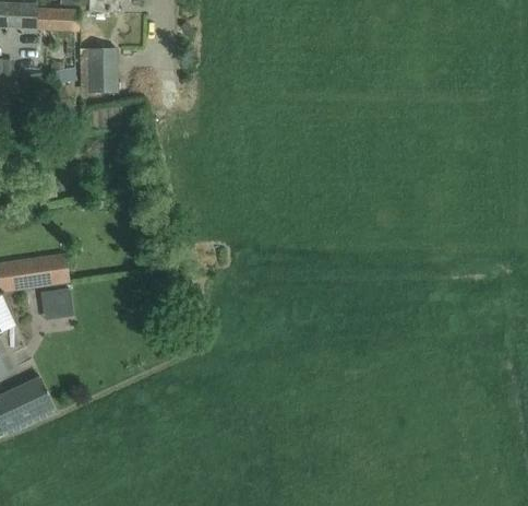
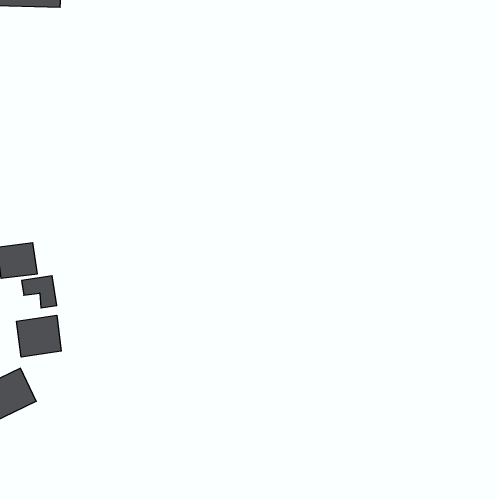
building: [80,47,118,93] -> none
building: none -> [17,315,61,357]

